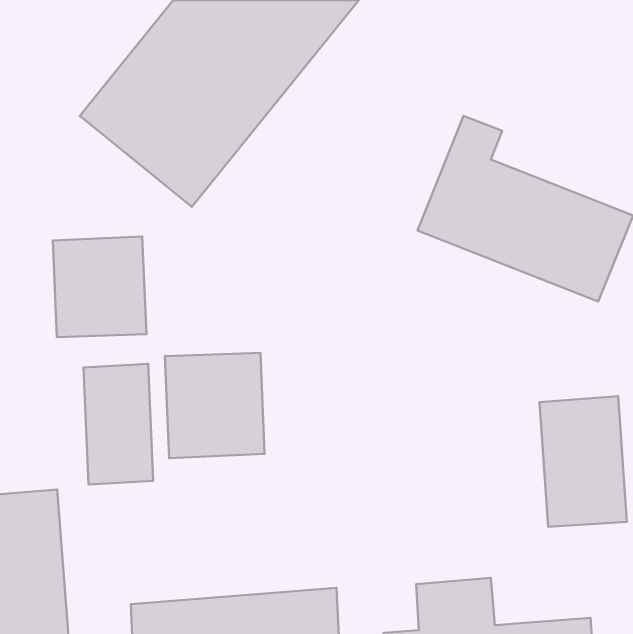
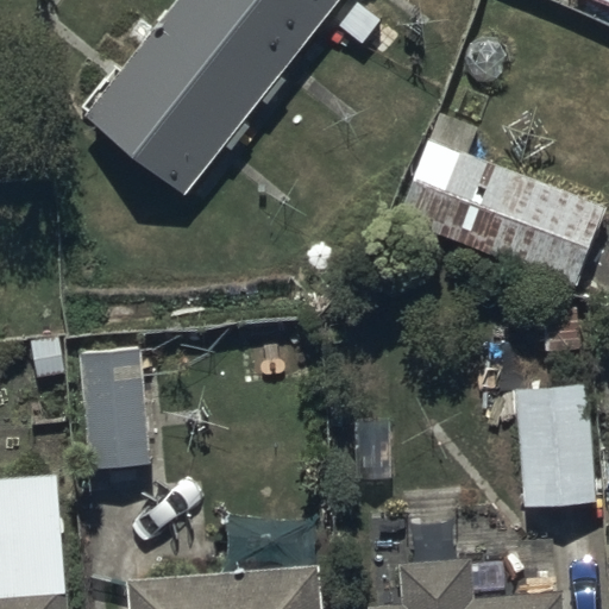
building: [53,236,146,337] -> none
building: [165,353,265,458] -> none

